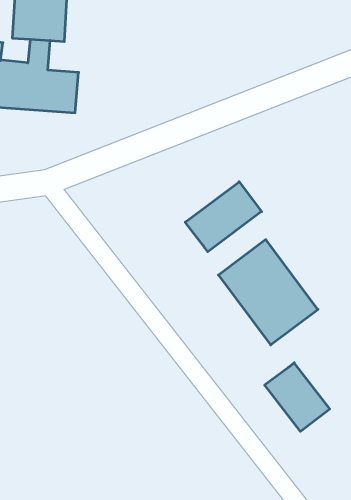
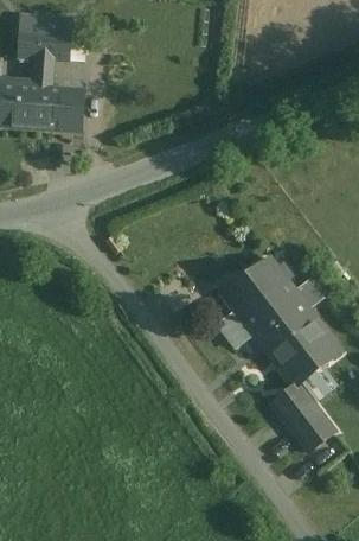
building: [185,182,262,252] -> none
building: none -> [276,327,340,386]

